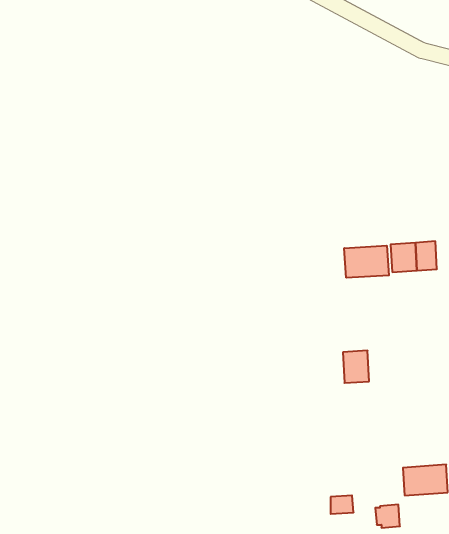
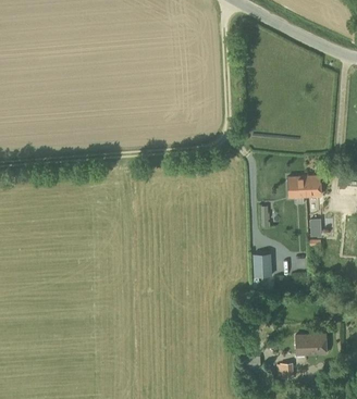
building: [344,246,389,278] -> none

